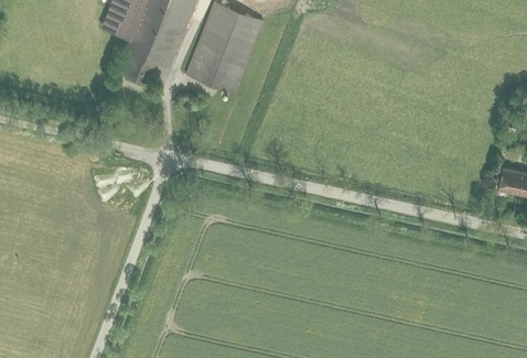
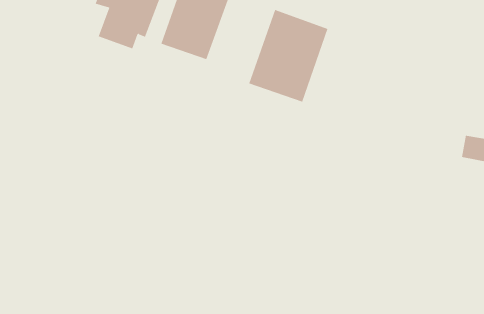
building: none -> [249,9,328,102]

